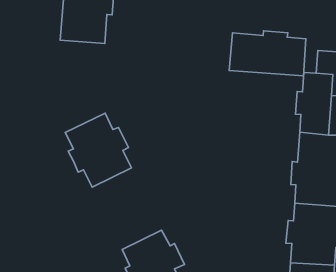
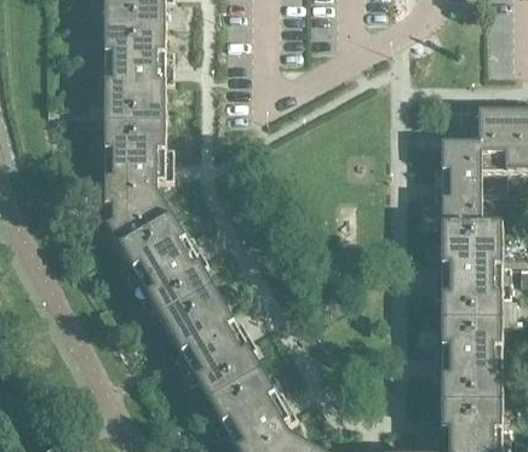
building: [229,31,306,76] -> none
building: none -> [104,120,173,246]
building: none -> [162,288,262,401]

